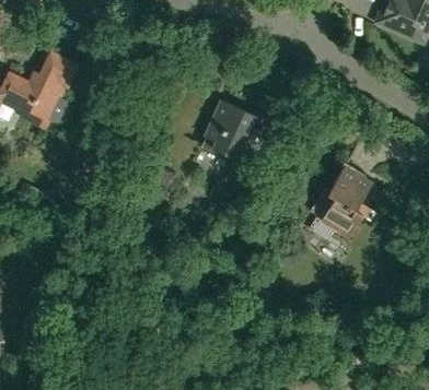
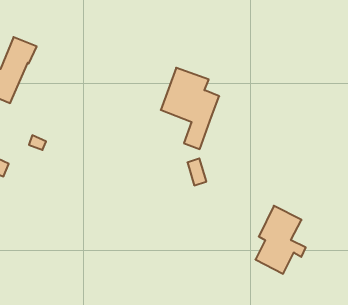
building: [321,163,375,236] -> [255,206,306,274]

